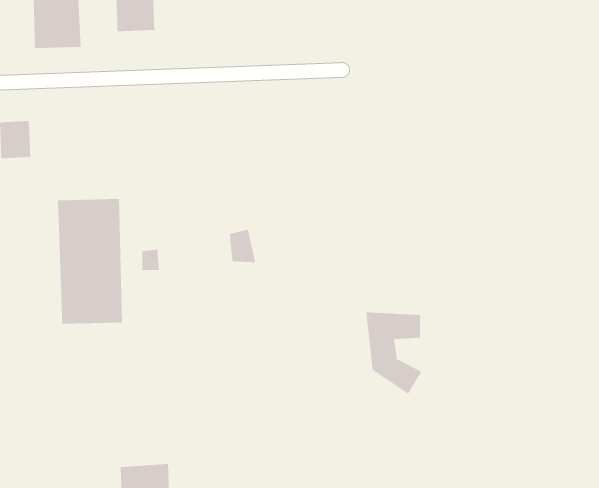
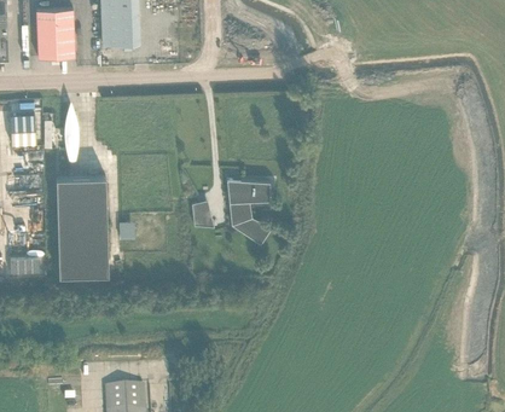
building: [366,312,422,394] -> [226,181,271,246]

